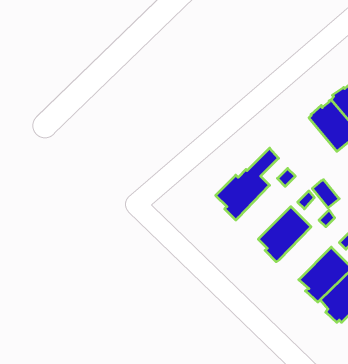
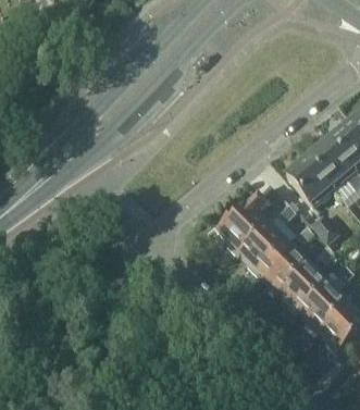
building: none -> [286,153,335,204]
building: none -> [239,219,290,273]
building: none -> [280,259,330,312]

